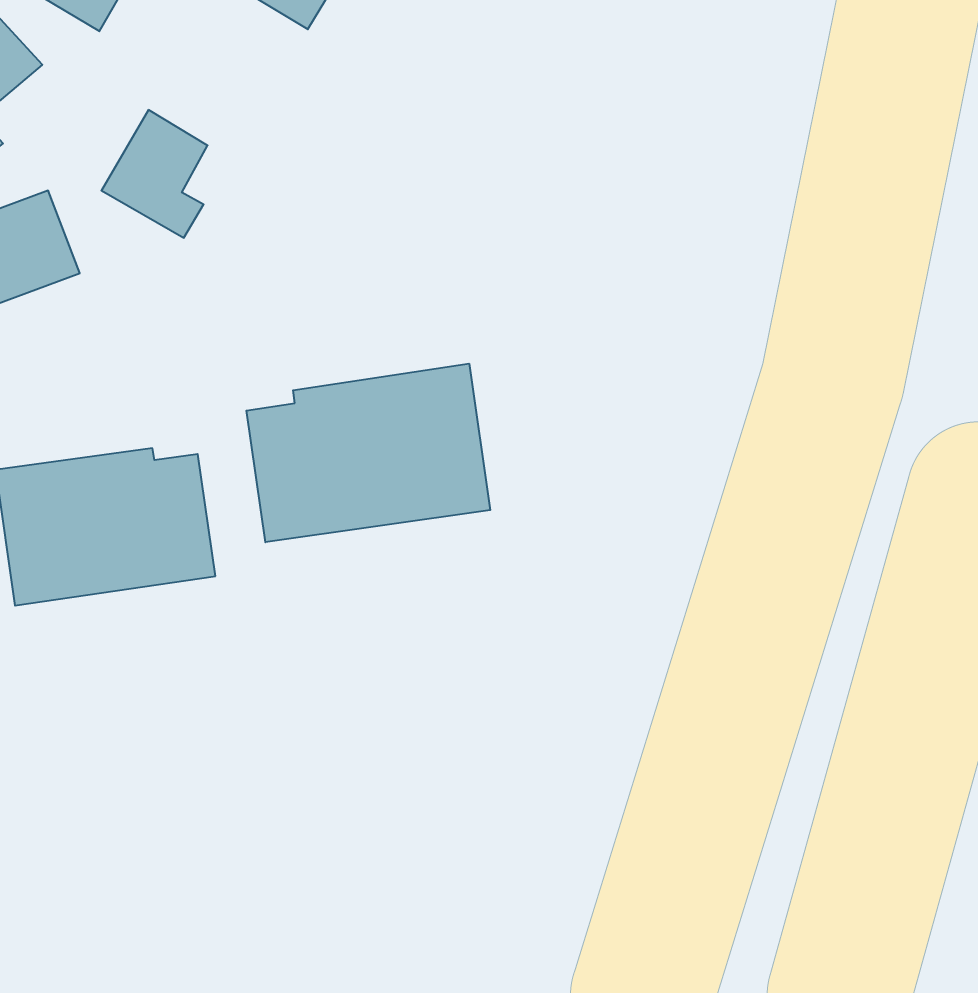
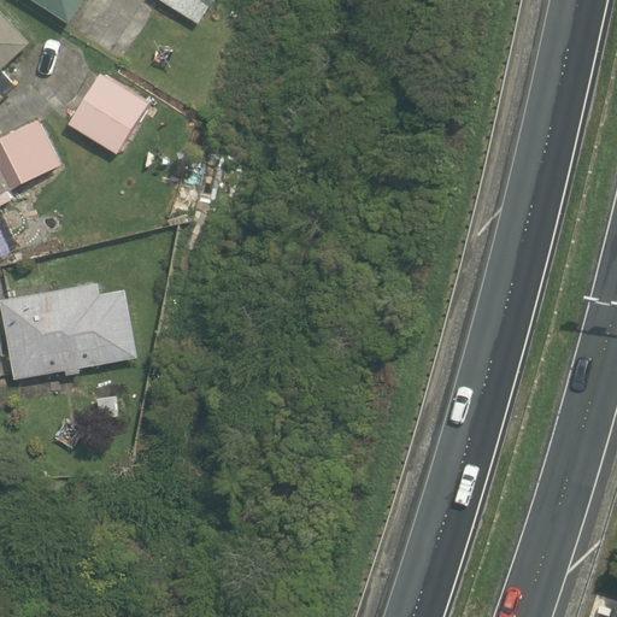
building: [246,364,490,542] -> none

